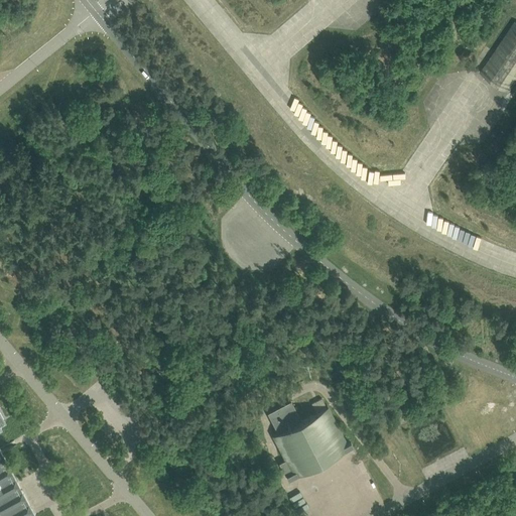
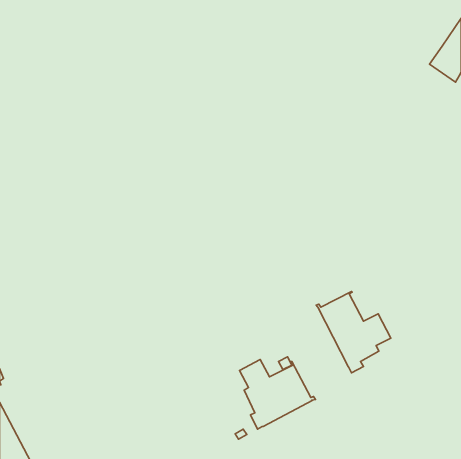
building: none -> [316,292,391,373]

